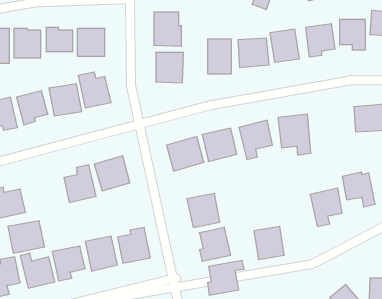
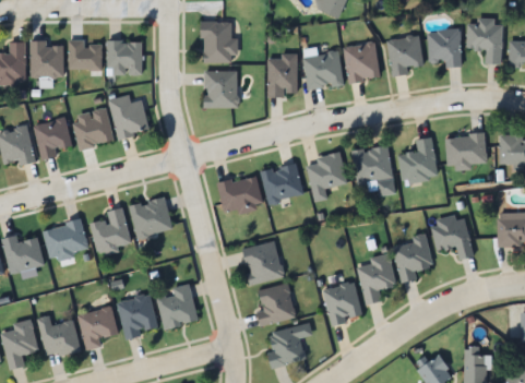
building: none -> [399,136,437,182]
building: none -> [358,253,396,303]
building: [8,221,45,253] -> [44,220,88,260]

